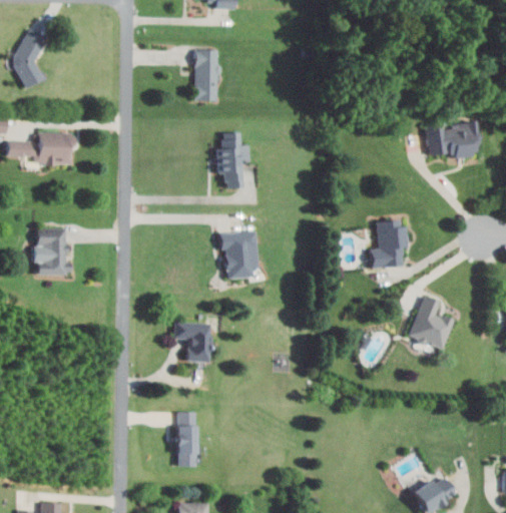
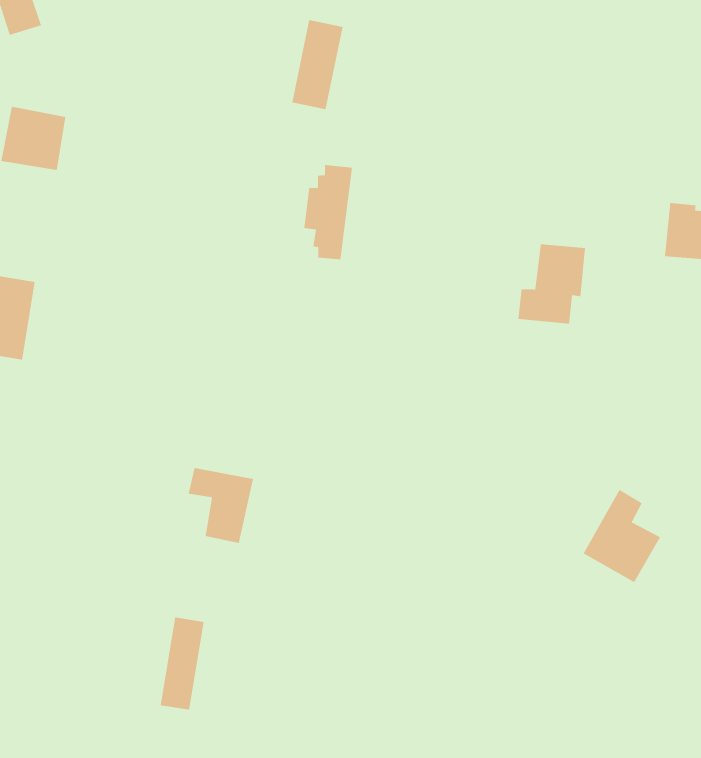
building: [371,219,407,268] -> [518,244,586,324]
building: [218,229,259,280] -> none

